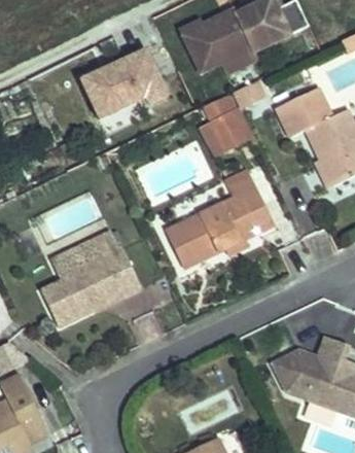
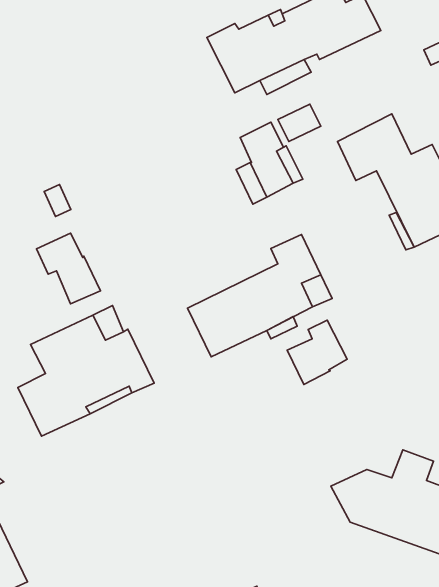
building: [74,41,168,120] -> none
building: none -> [37,233,100,304]
building: none -> [287,320,347,384]

